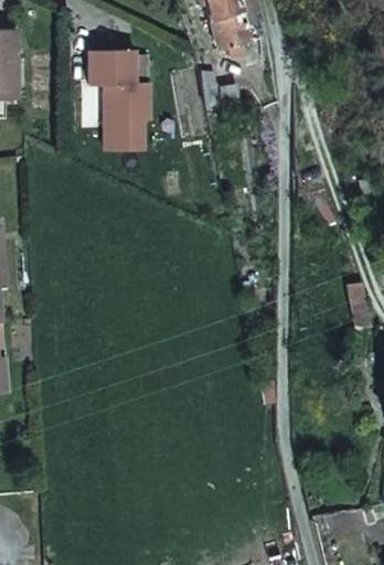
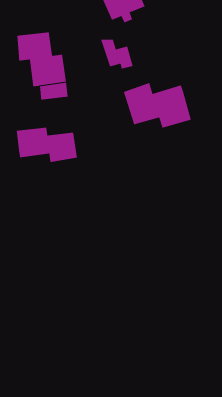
building: none -> [123,82,192,128]
building: none -> [16,127,78,163]

